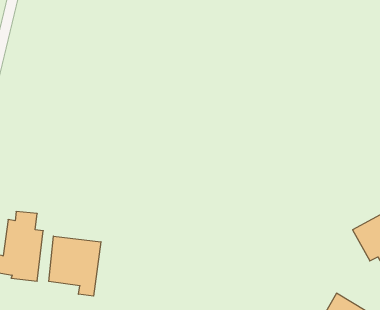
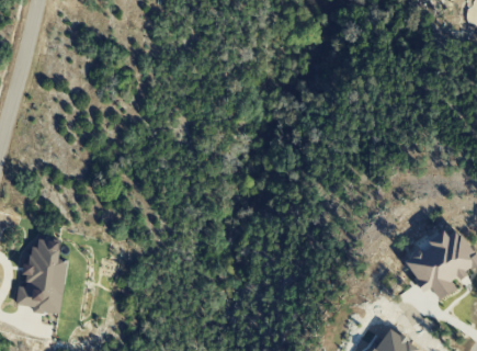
building: [49,236,101,296] -> none

